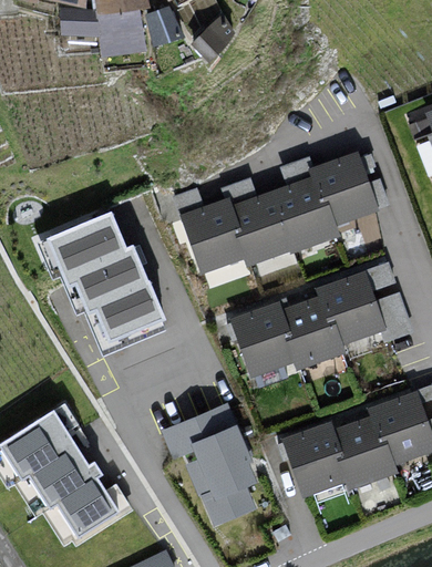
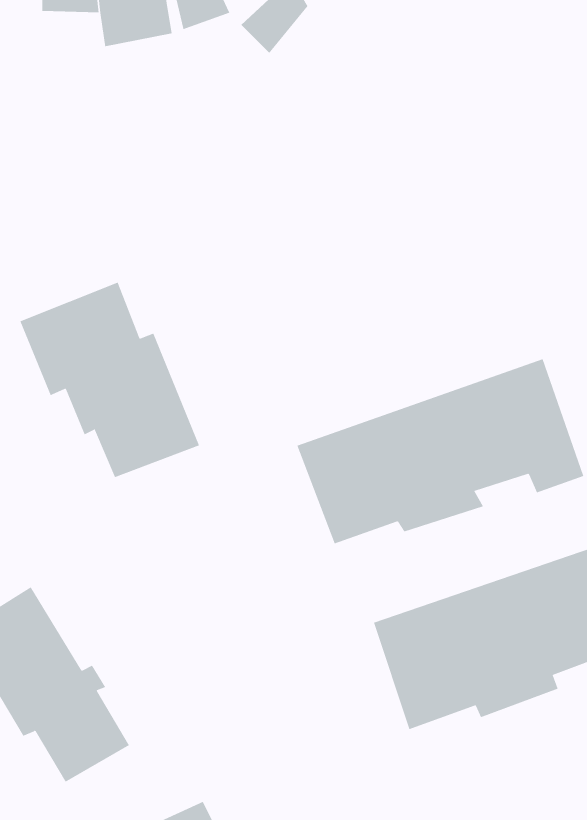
building: [179,153,379,277] -> none
building: [162,402,257,525] -> none

